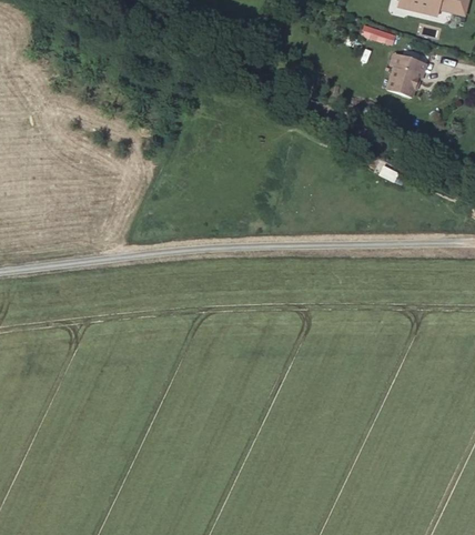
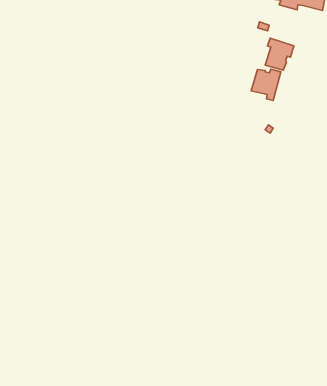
building: none -> [251,69,281,100]

